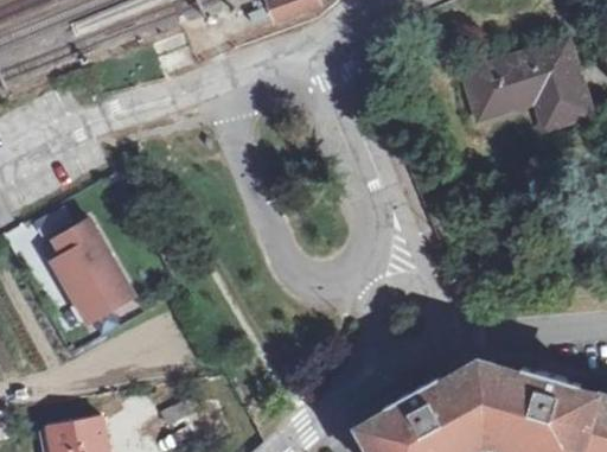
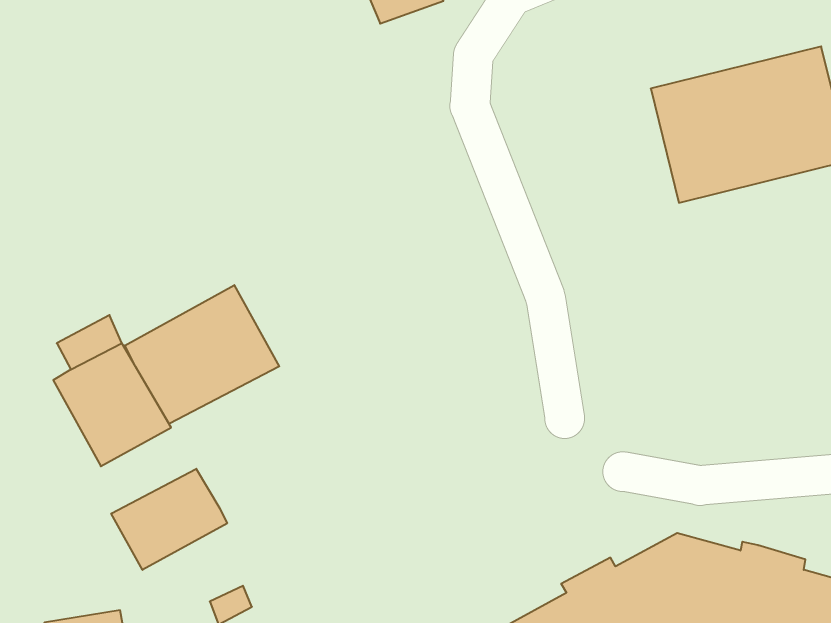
building: none -> [125,285,279,424]
building: none -> [111,469,227,570]

